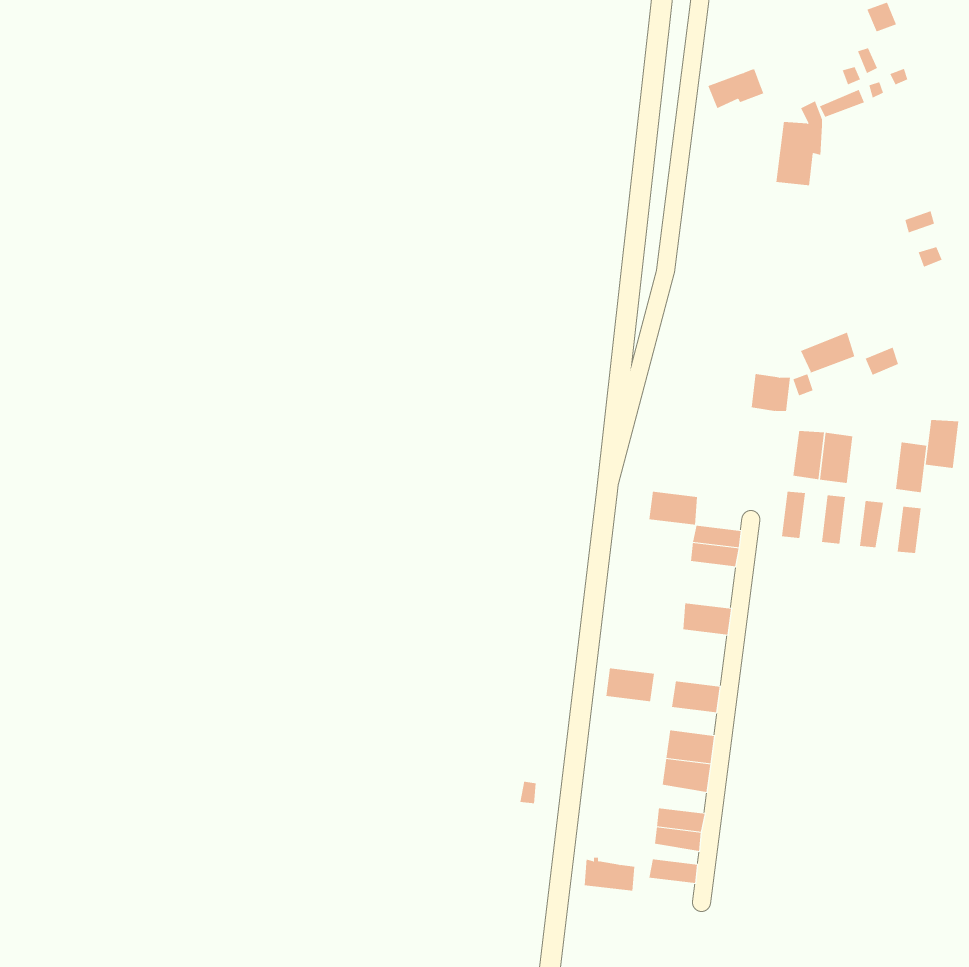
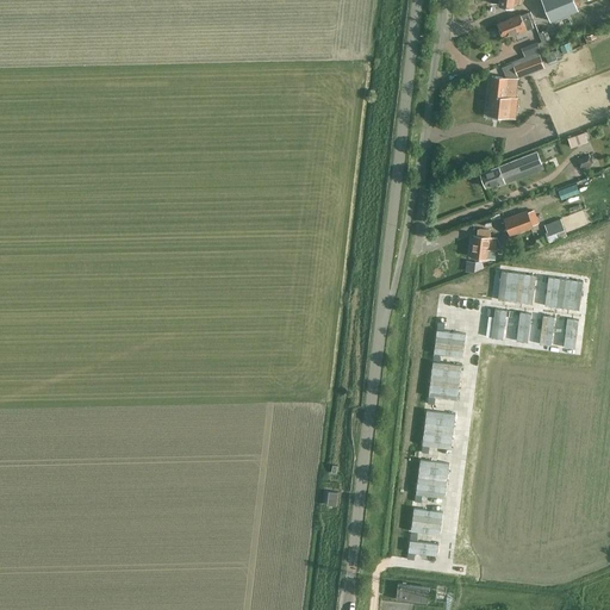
building: [707,69,764,109] -> [498,13,534,38]
building: none -> [481,152,541,187]
building: [925,419,959,469] -> [544,278,566,309]
building: [649,491,698,525] -> [430,362,461,384]
building: [605,668,655,702] -> [424,411,455,432]
building: [584,857,635,891] -> [396,583,428,604]

